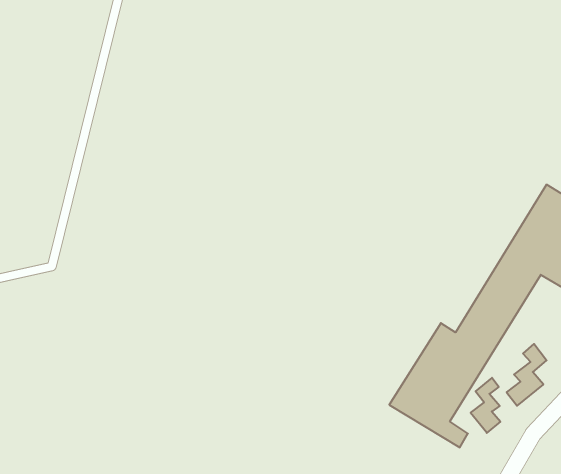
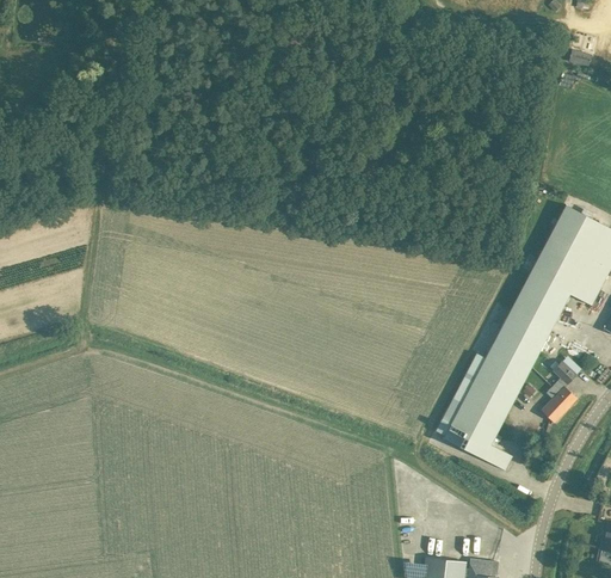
building: [471,378,500,433] -> none

